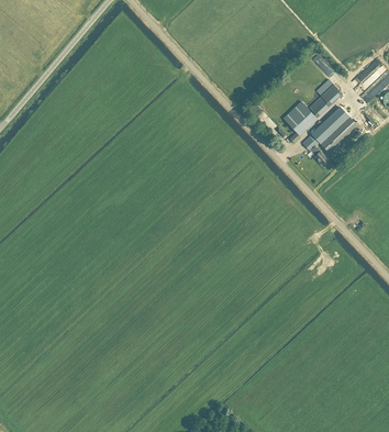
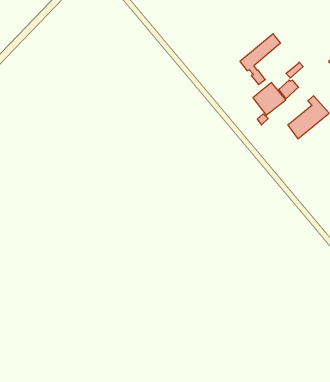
building: [302,112,342,164] -> [240,34,280,85]

